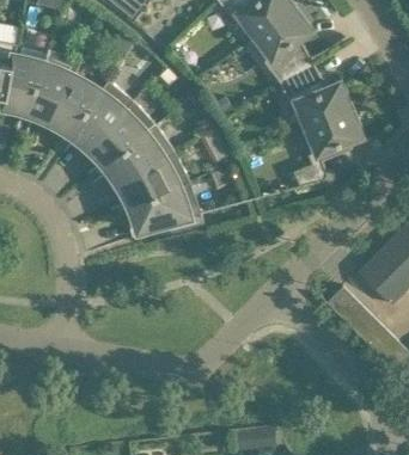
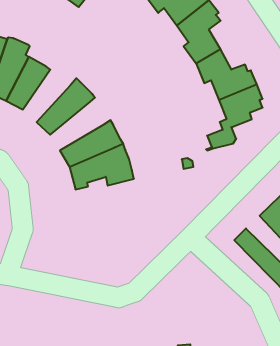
building: [67,81,133,155] -> none
building: [100,125,175,190] -> none

